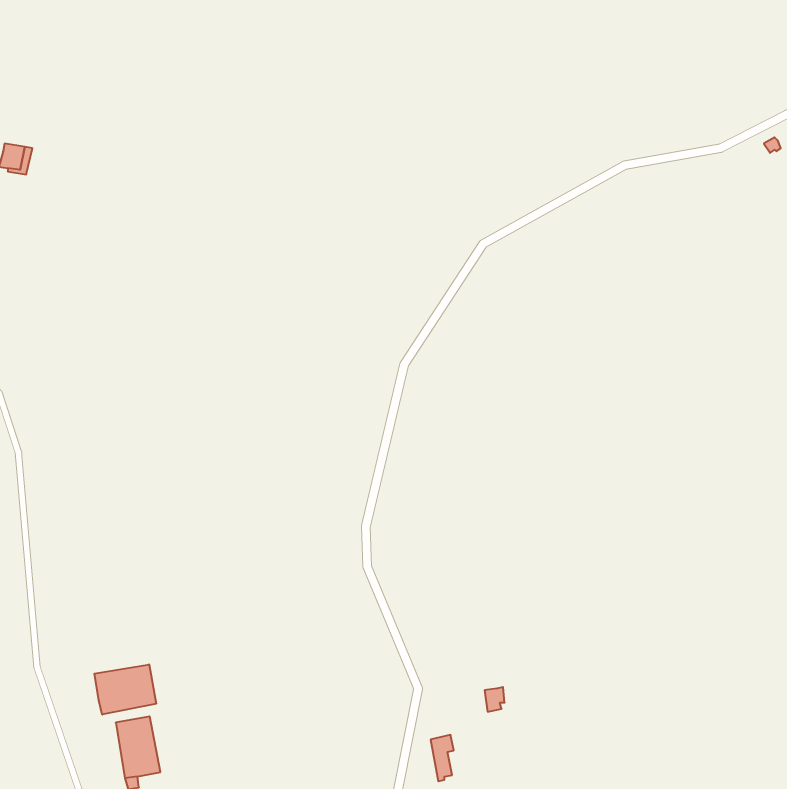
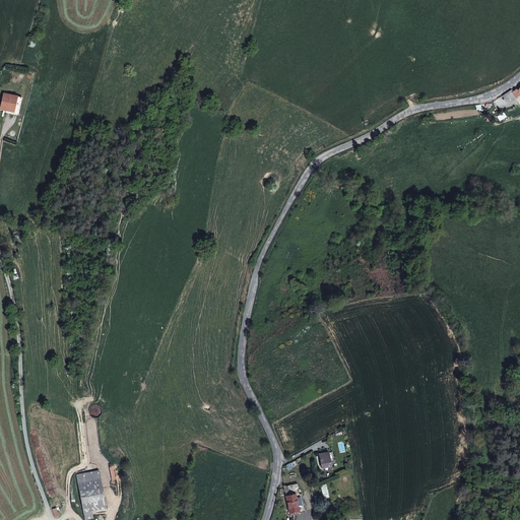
building: [94,664,156,715] -> none

